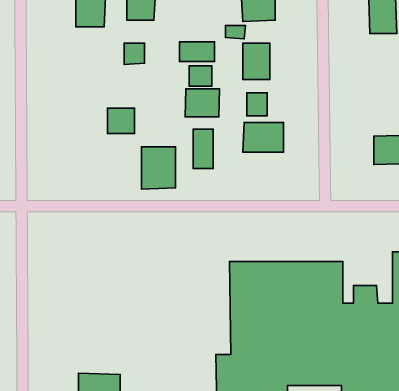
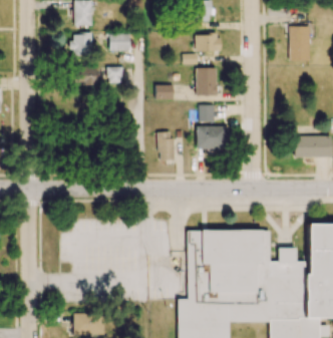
building: [179,42,214,61] -> none
building: [185,89,220,117] -> none
building: [108,108,135,134] -> [77,66,97,85]
building: [141,147,175,189] -> none

